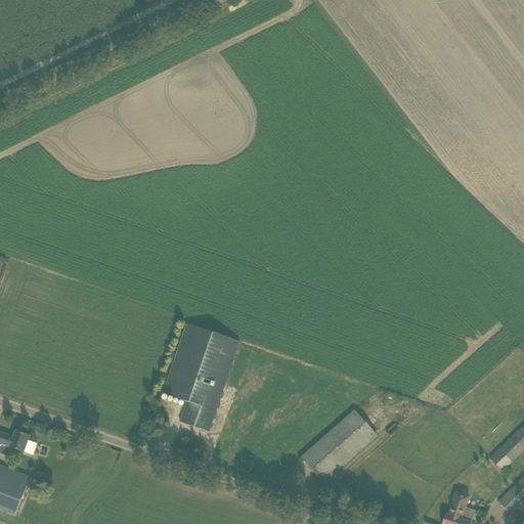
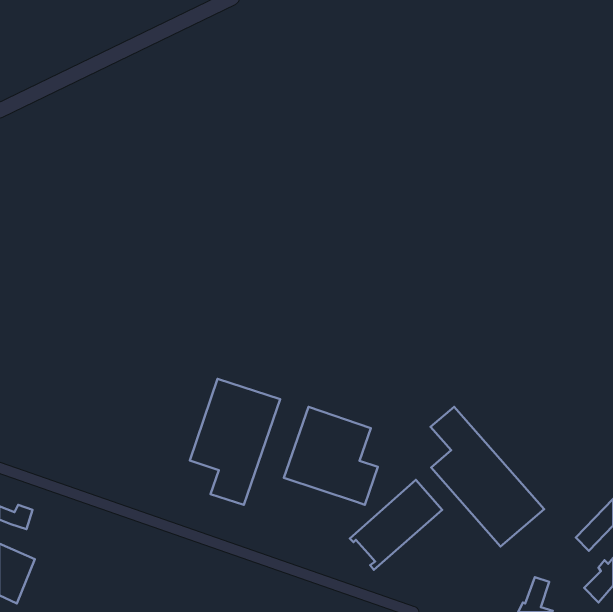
building: none -> [431,407,544,547]
building: none -> [284,407,378,505]

